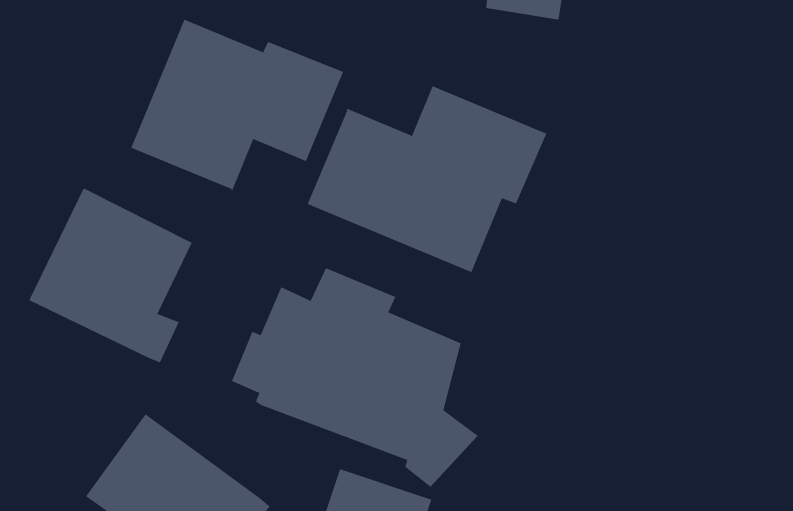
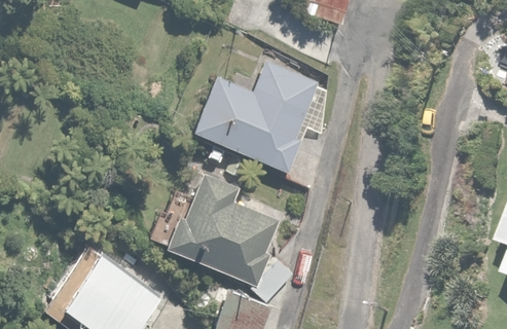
building: [130,19,344,191] -> none
building: [29,187,192,363] -> none

